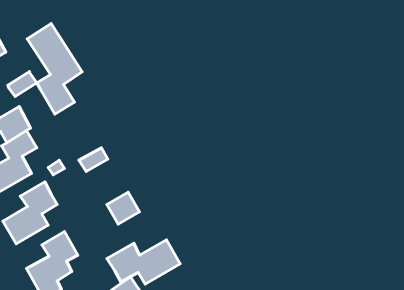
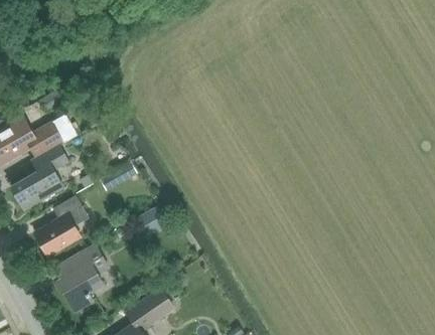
building: [27,24,82,114] -> none
building: [107,240,180,284] -> none

